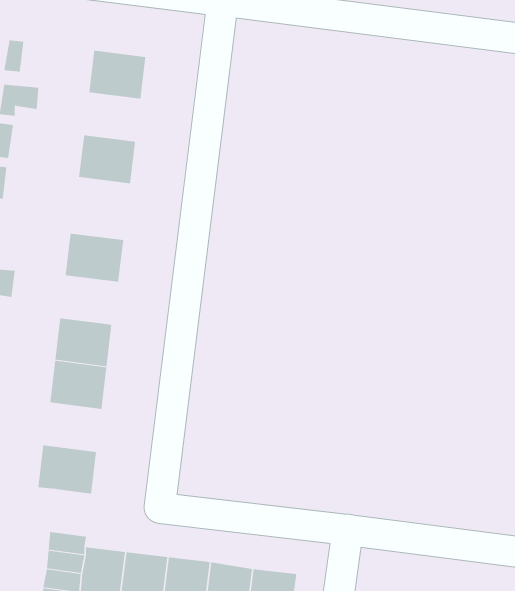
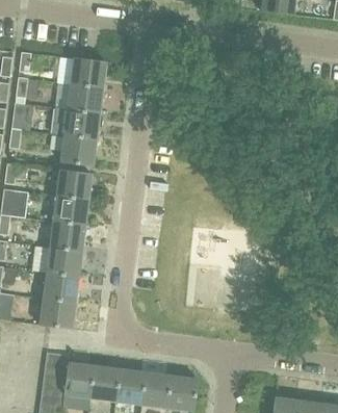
building: none -> [67,83,102,113]
building: none -> [59,135,96,165]
building: none -> [52,196,88,226]
building: none -> [42,274,78,304]

